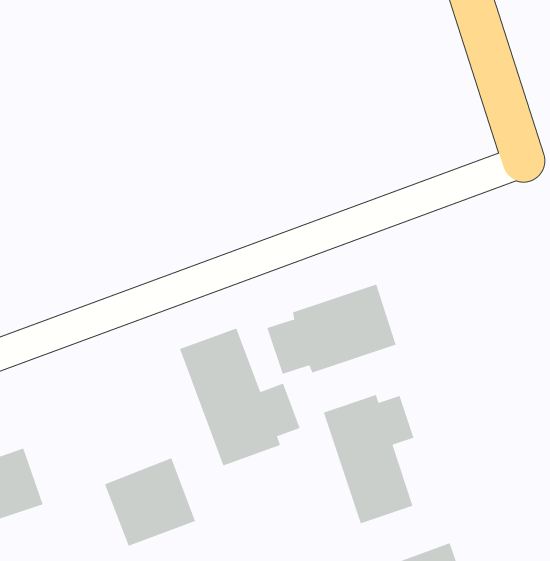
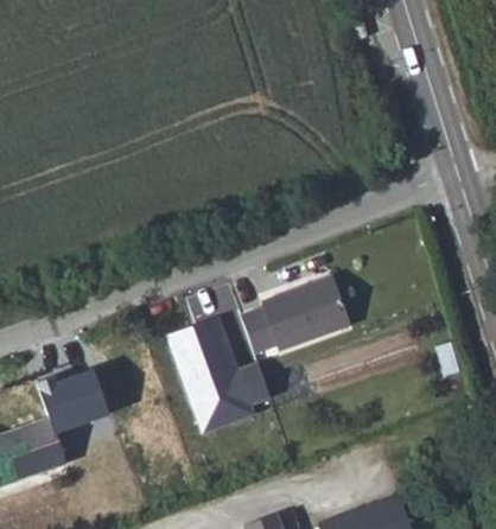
building: [323,394,414,524] -> none
building: [104,457,196,547] -> [33,359,110,434]

